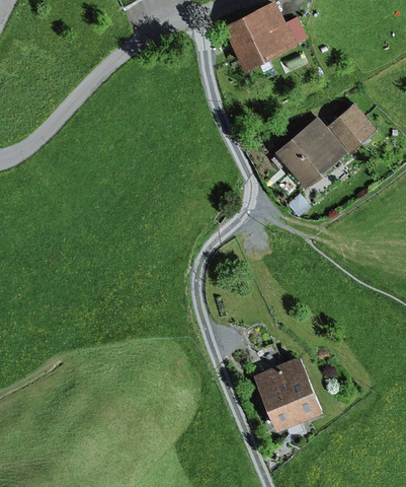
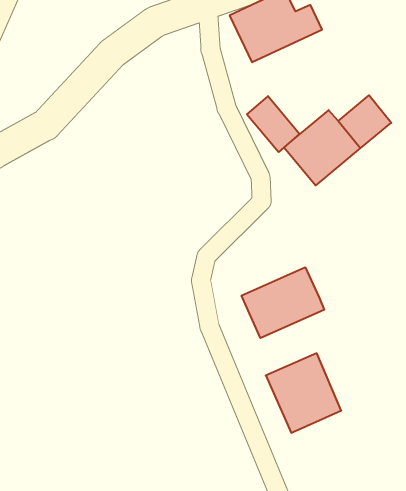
building: none -> [247,96,299,152]
building: none -> [242,267,324,338]

